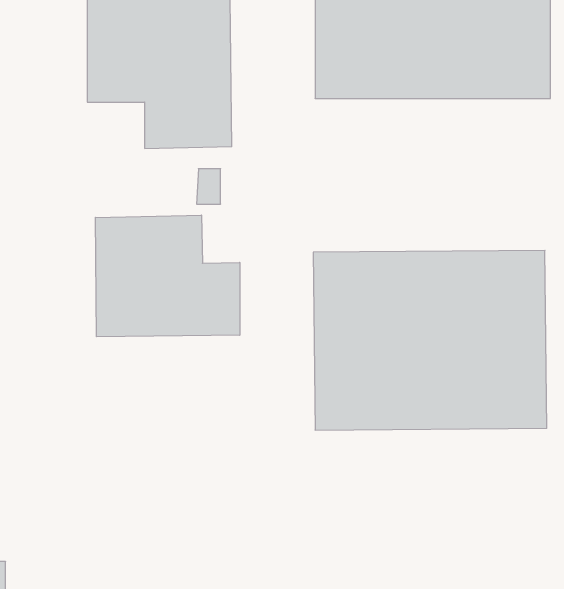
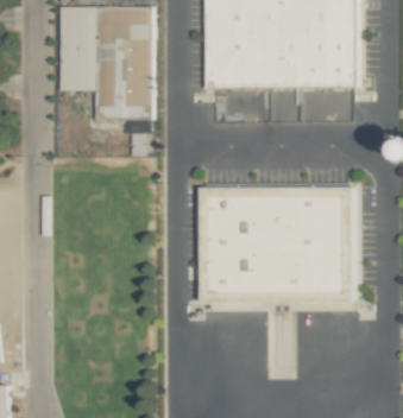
building: [95,215,240,337] -> none

